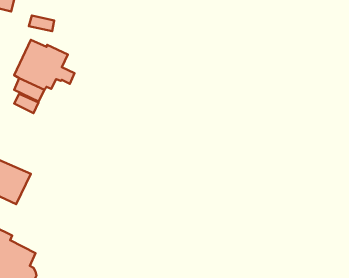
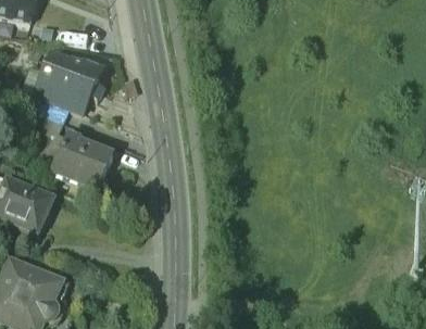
building: none -> [54,132,114,190]

